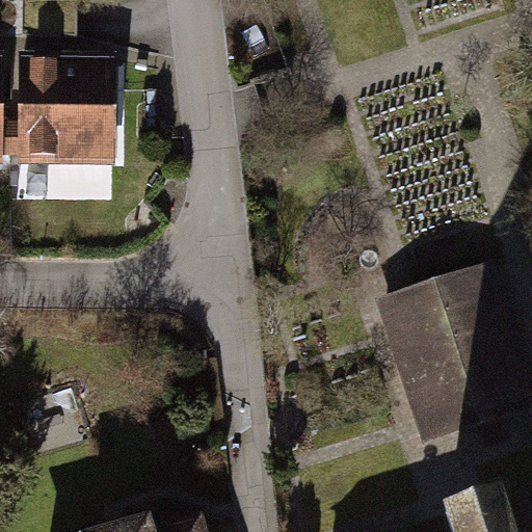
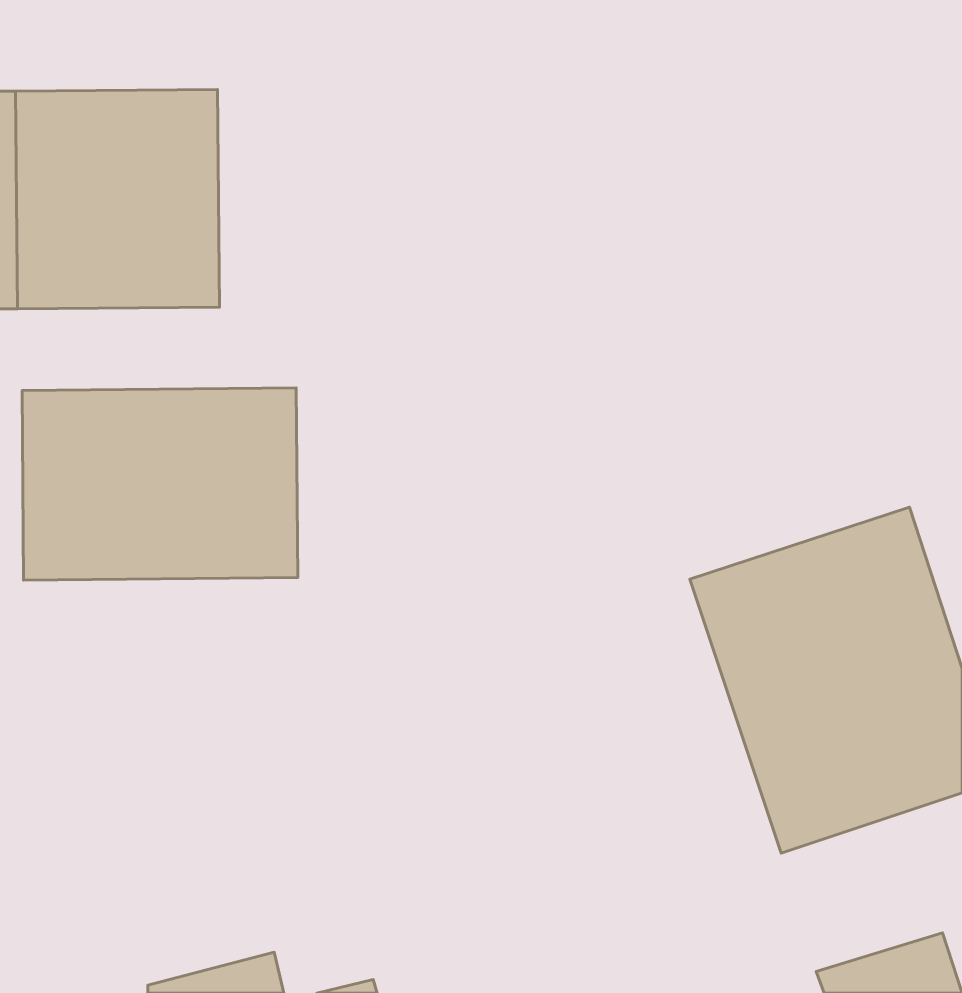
building: none -> [22,388,298,580]

